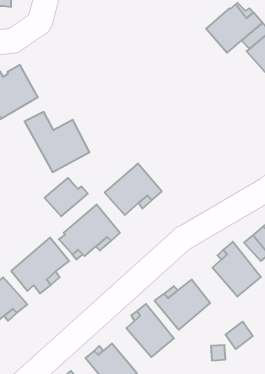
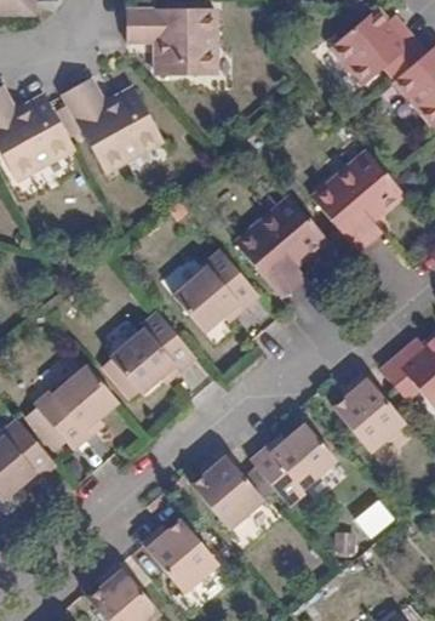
building: none -> [141,12,227,79]
building: none -> [307,149,399,252]
building: [24,112,90,172] -> [63,84,161,175]
building: none -> [233,189,325,292]
building: [45,178,88,216] -> none

